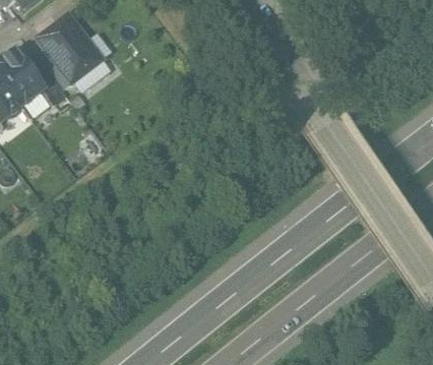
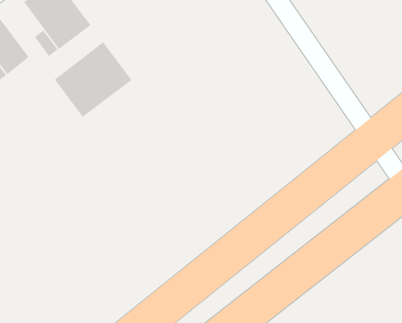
building: none -> [54,41,133,118]

